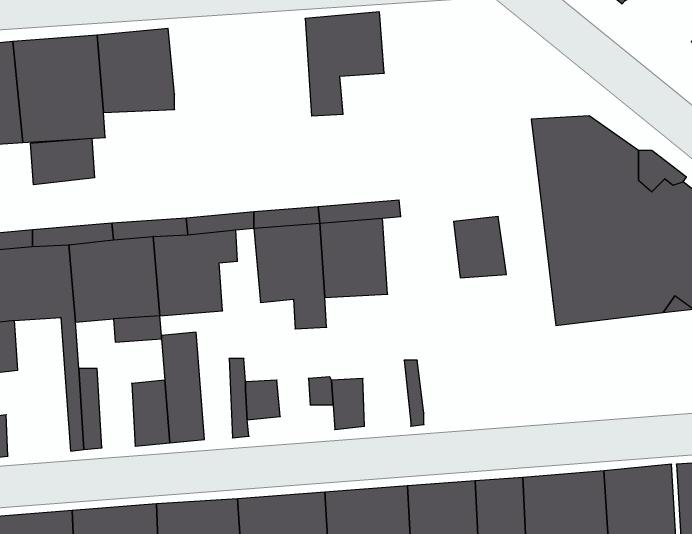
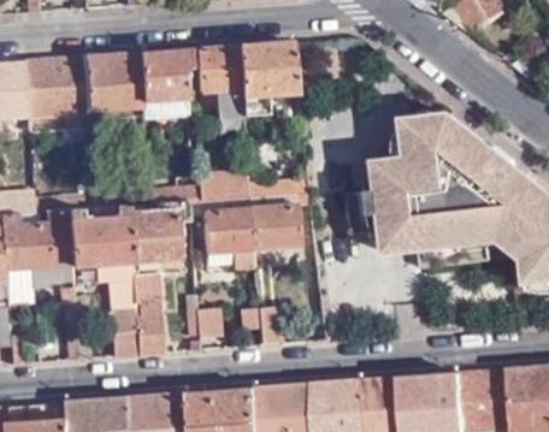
building: none -> [197,45,243,118]
building: none -> [138,48,191,100]
building: [31,138,94,185] -> none
building: none -> [377,158,419,253]

